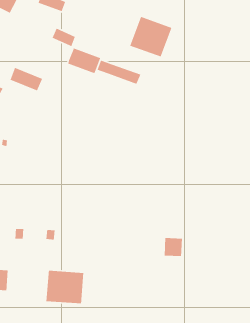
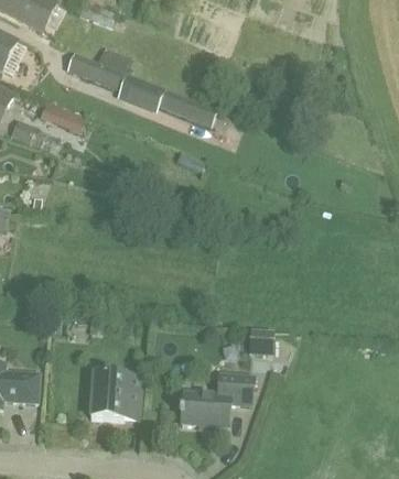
building: [129,16,172,58] -> none
building: none -> [68,54,126,91]
building: none -> [181,374,254,427]

